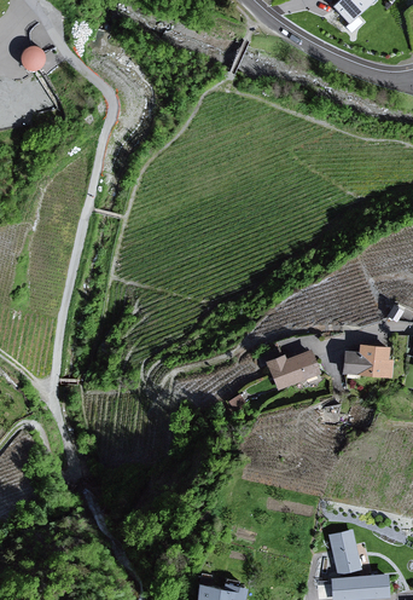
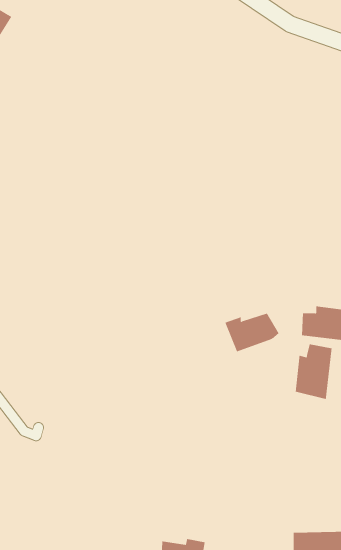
building: none -> [295,343,332,400]
building: [330,530,362,571] -> none

